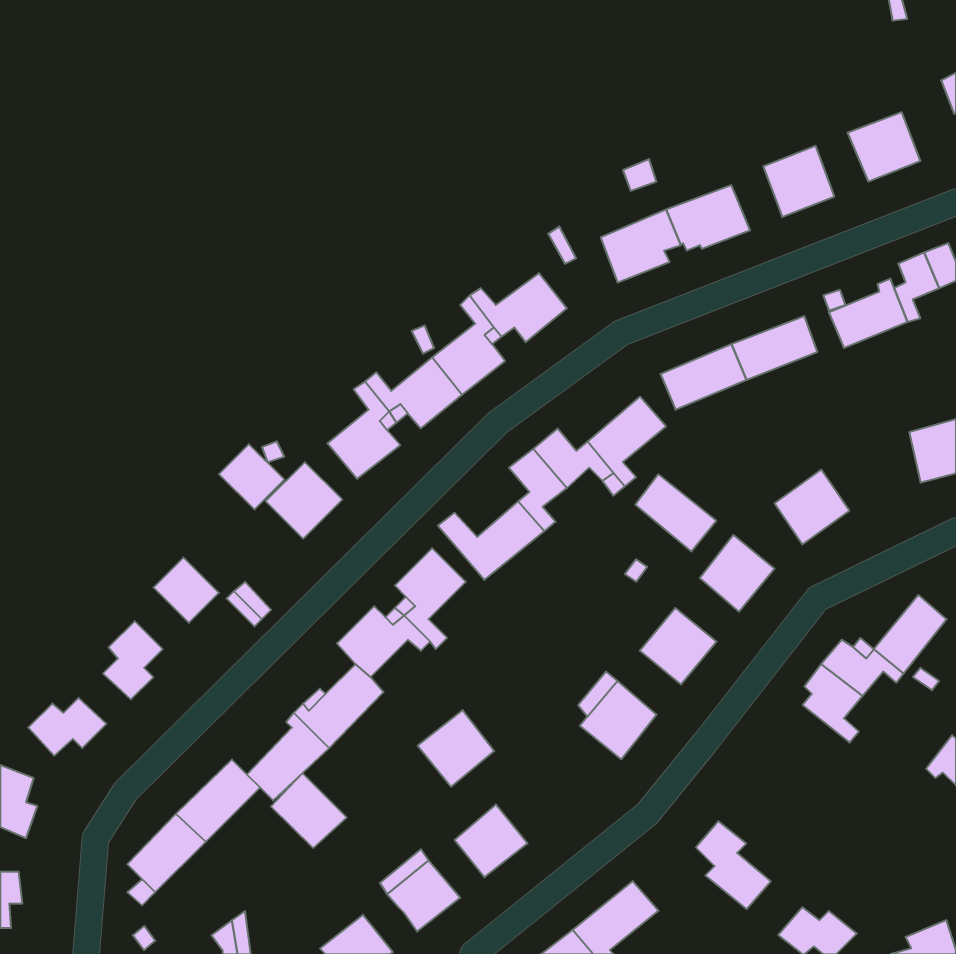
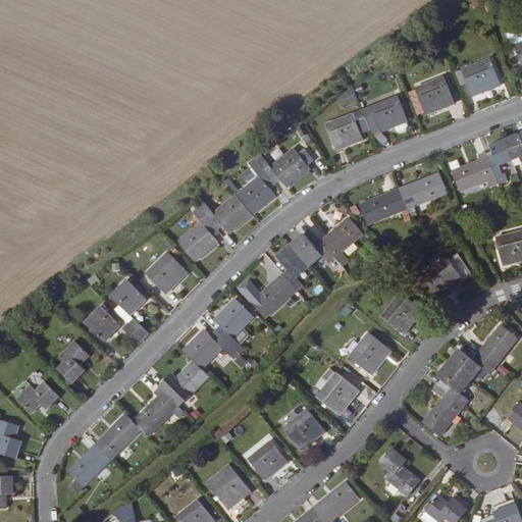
building: [219,444,284,510] -> [109,278,145,314]
building: [635,474,716,552] -> none
building: none -> [423,384,463,434]
building: [418,710,494,787] -> [282,407,324,449]
building: [271,773,347,848] -> none

